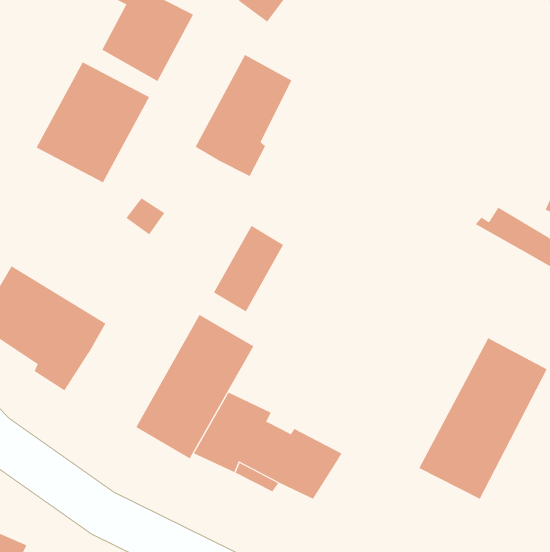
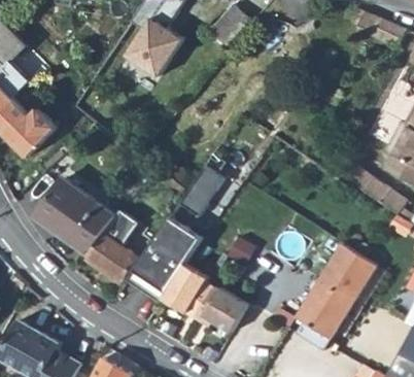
building: [195,54,292,177] -> none
building: [36,62,150,183] -> none
building: none -> [87,210,139,281]

